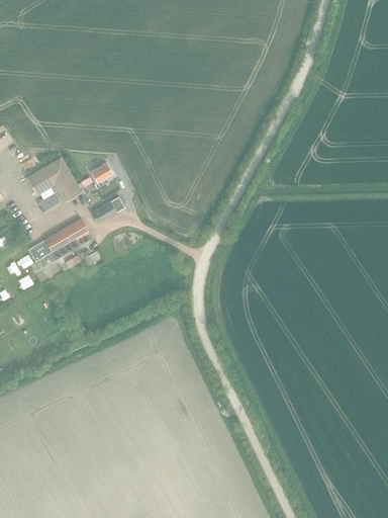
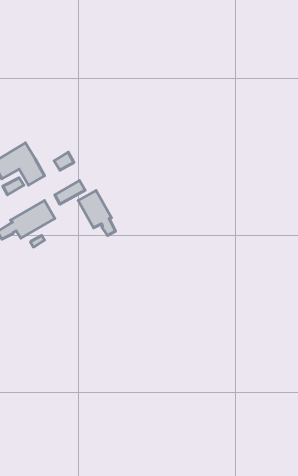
building: none -> [78,190,115,235]

